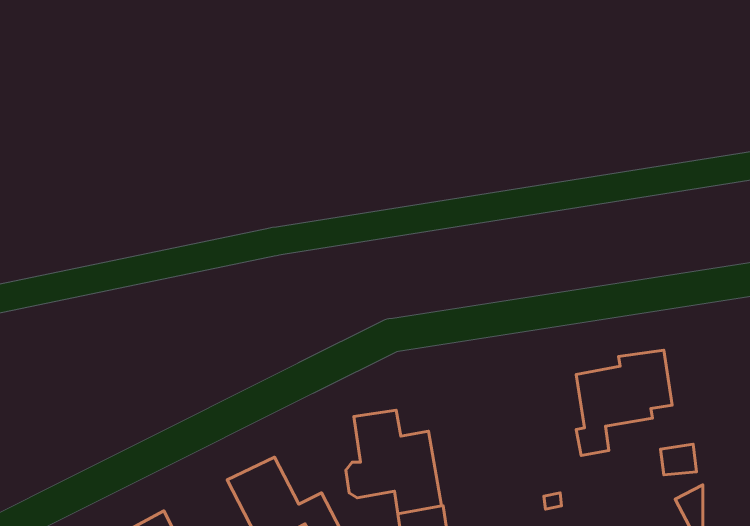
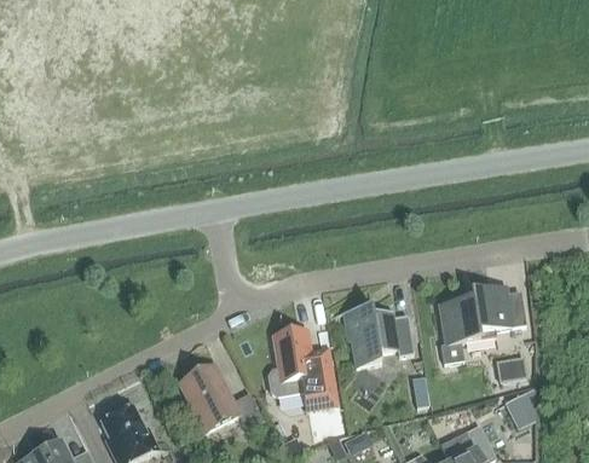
building: none -> [342,306,412,366]

